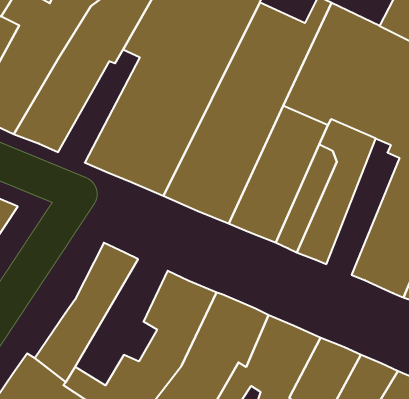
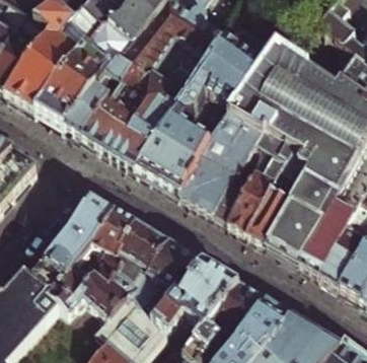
building: none -> [67,57,135,135]
building: none -> [250,145,313,241]
building: none -> [59,210,135,298]

